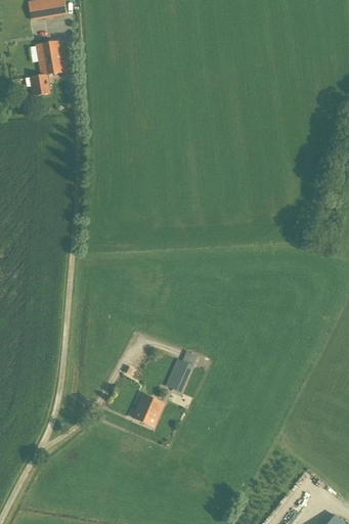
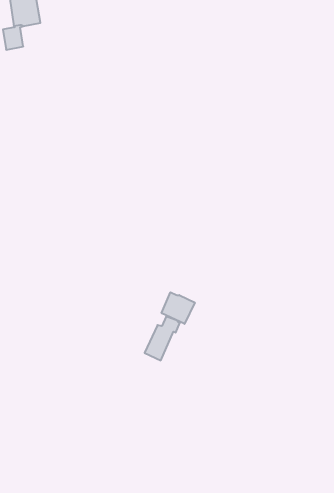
building: none -> [162,292,195,324]
building: [132,393,163,426] -> none

